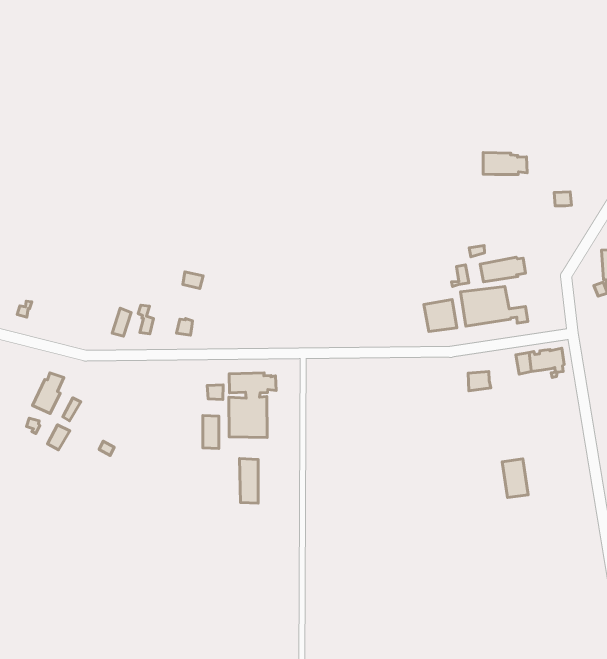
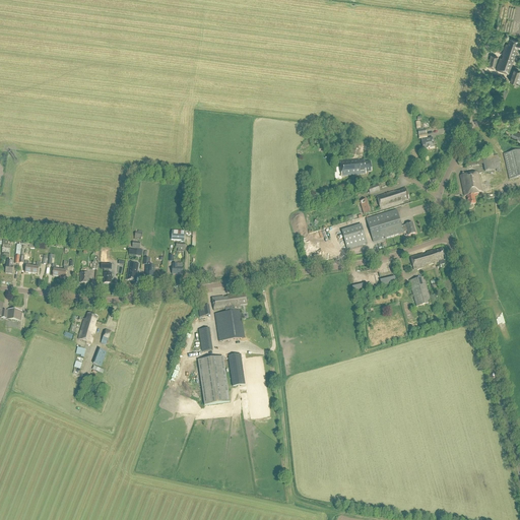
building: [483,152,527,175] -> [339,158,372,176]
building: [502,459,528,498] -> [409,276,431,305]
building: none -> [198,355,230,404]

